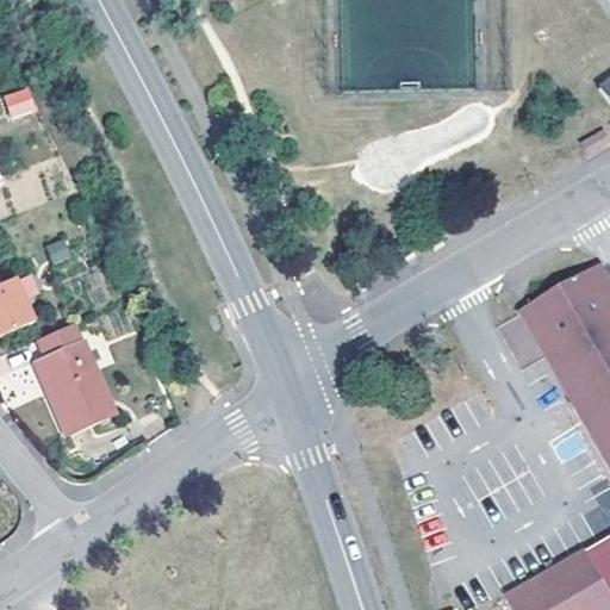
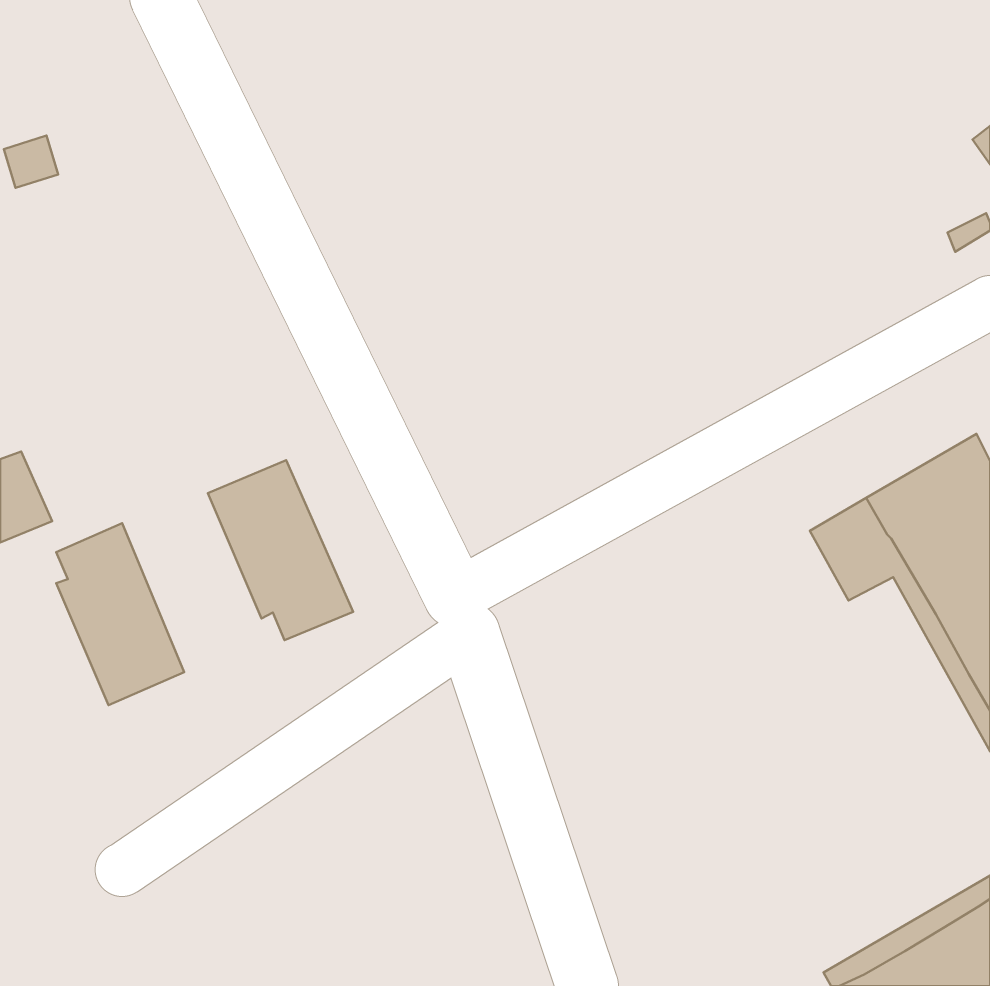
building: none -> [208,460,353,640]

